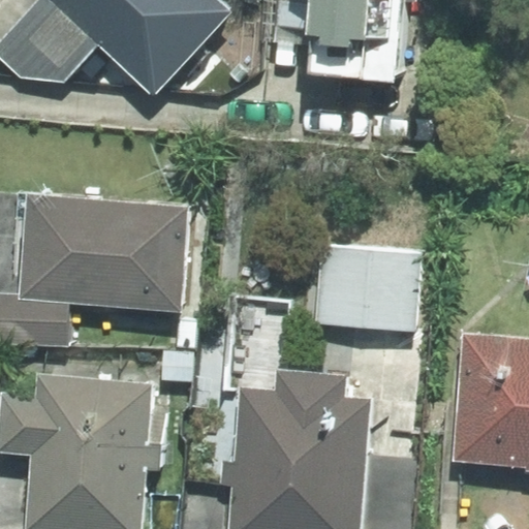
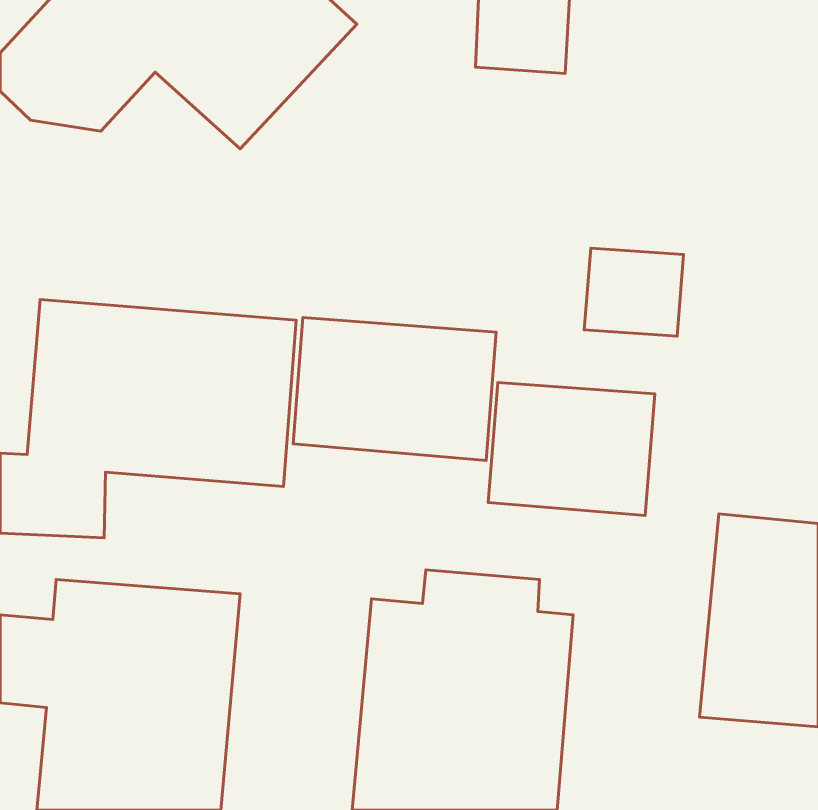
building: none -> [293,317,496,460]

